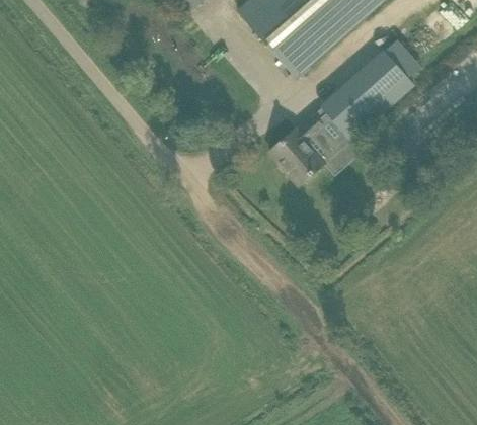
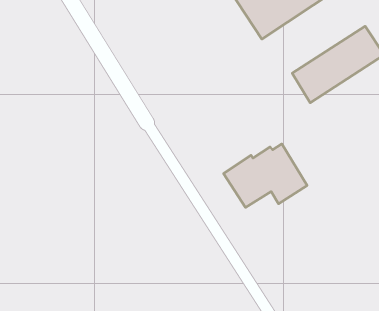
building: [270,106,364,181] -> [224,144,307,207]

